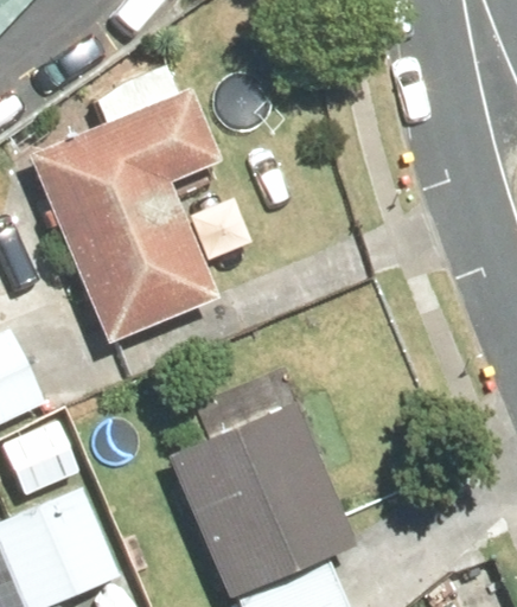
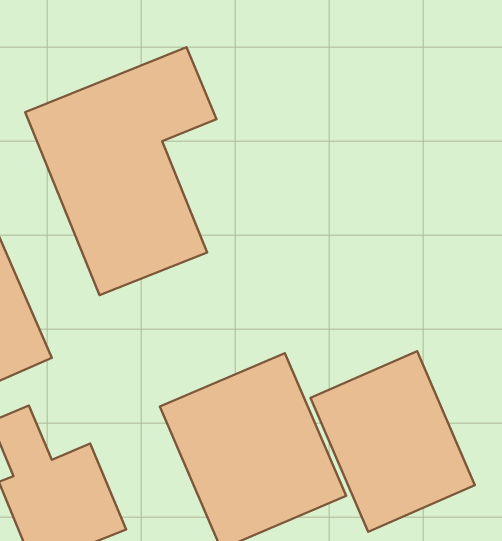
building: none -> [310,351,475,532]

